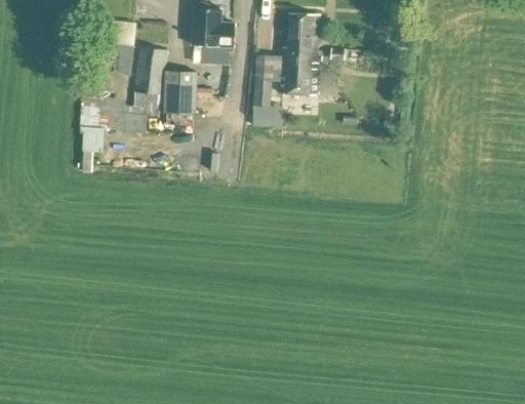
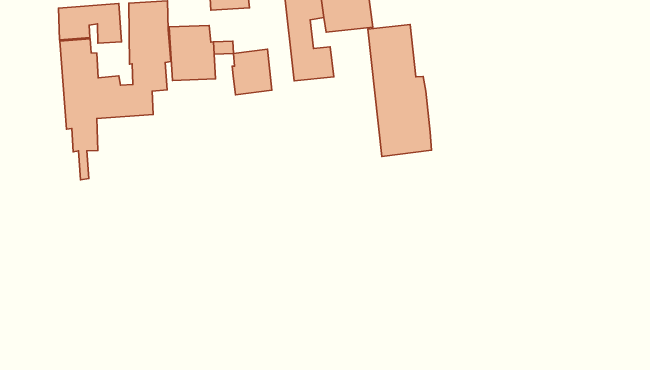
building: none -> [368,25,432,157]
building: none -> [232,49,272,95]

